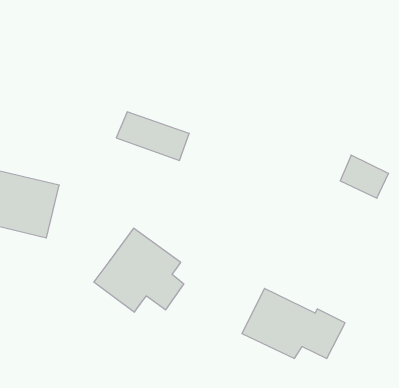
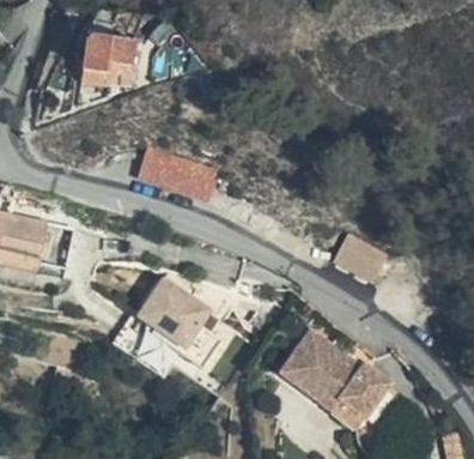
building: none -> [79,47,136,91]
building: [340,155,389,198] -> [328,232,382,280]

